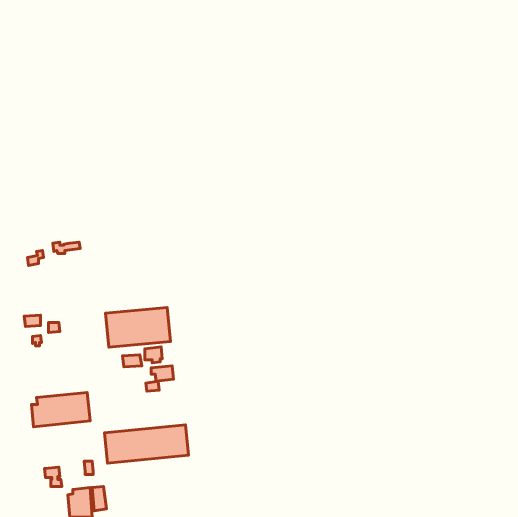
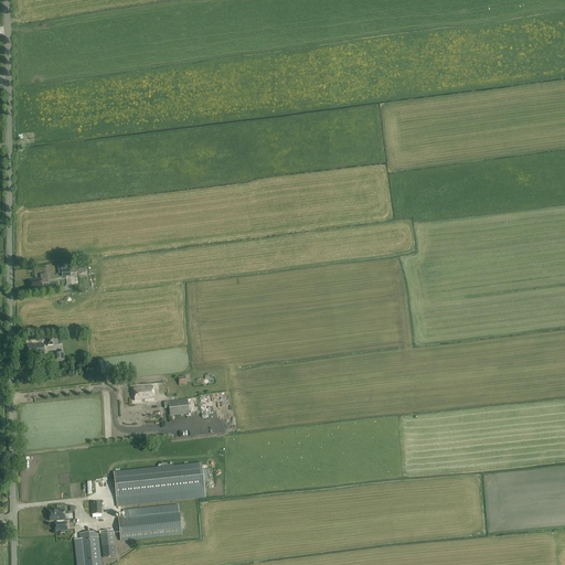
building: [105,307,170,347] -> none
building: [31,392,90,427] -> [118,503,182,541]

